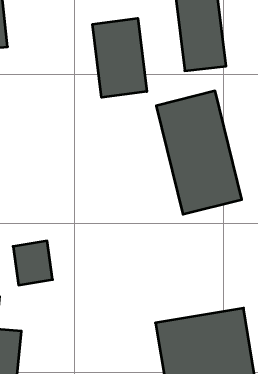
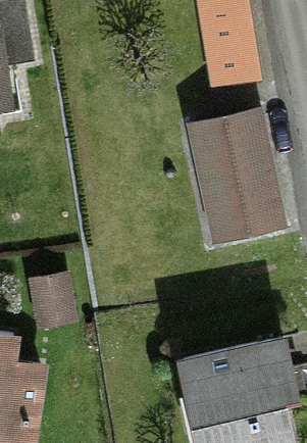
building: [93,18,147,97] -> none

